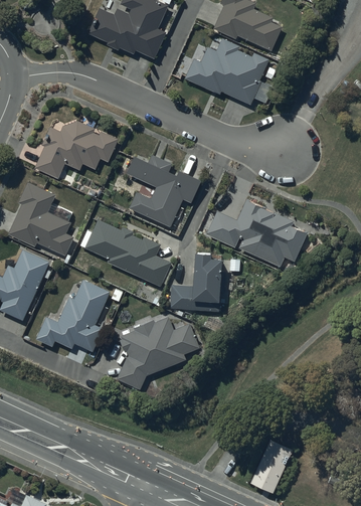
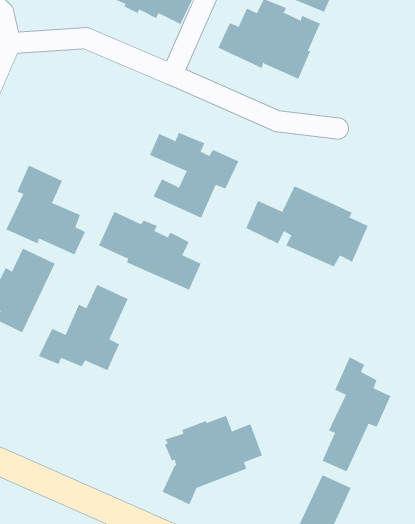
building: [34,121,118,178] -> none
building: [169,248,225,311] -> none
building: [117,315,200,389] -> [162,415,263,505]
building: none -> [322,356,391,472]

